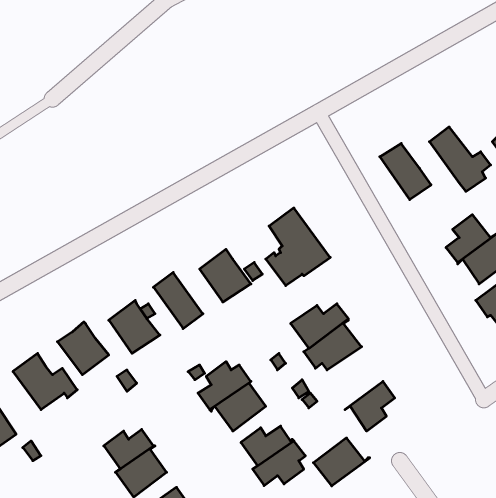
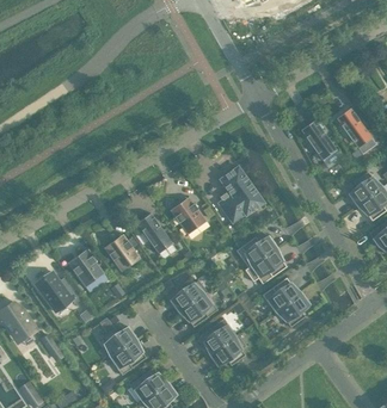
building: [313,438,370,486] -> [263,277,303,311]

